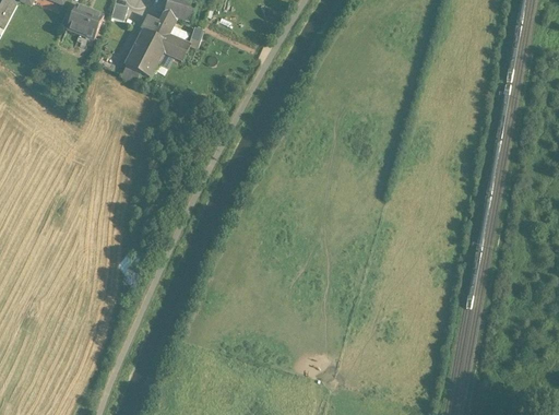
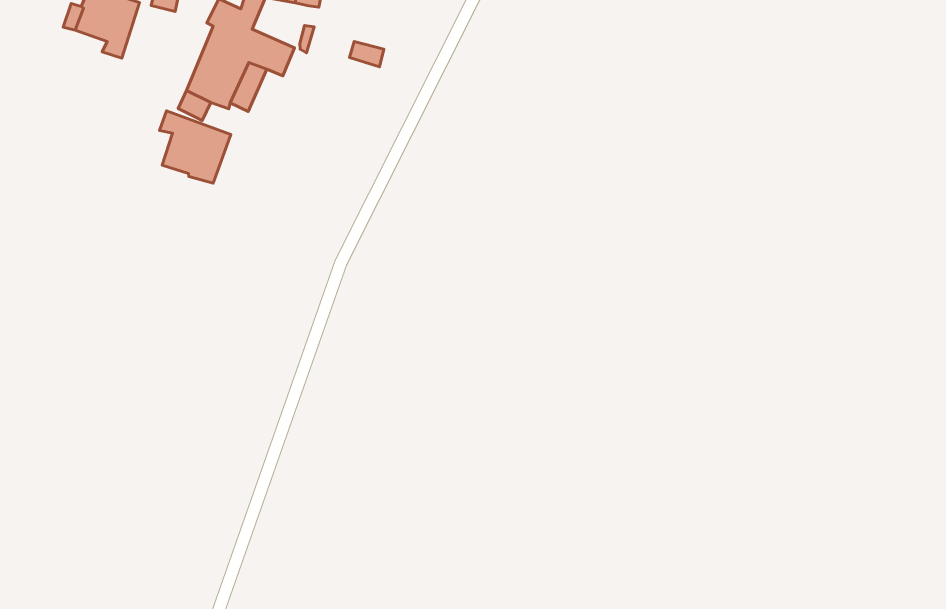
building: none -> [160,111,231,183]

